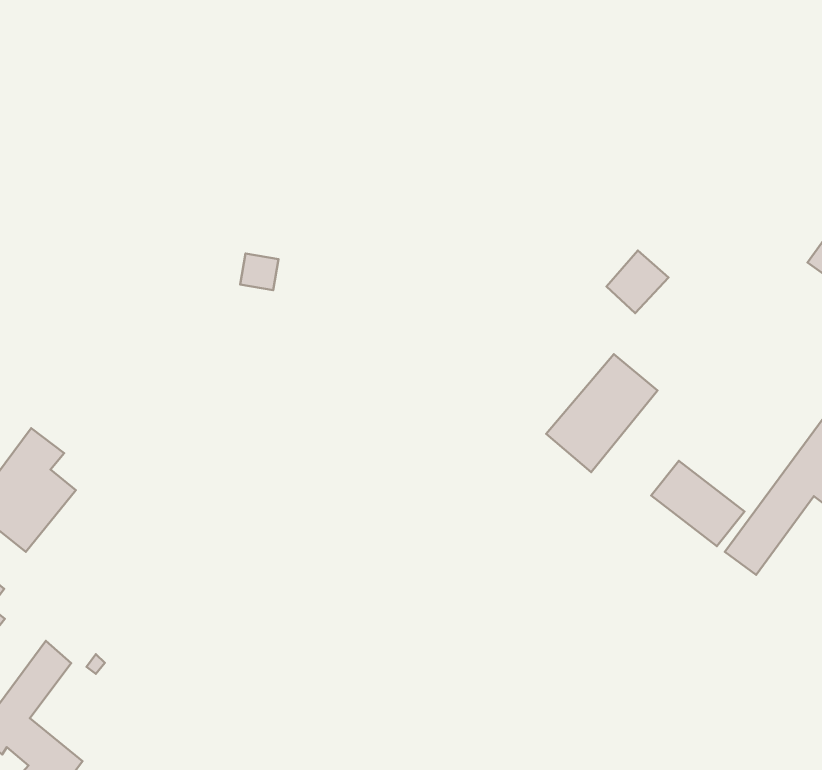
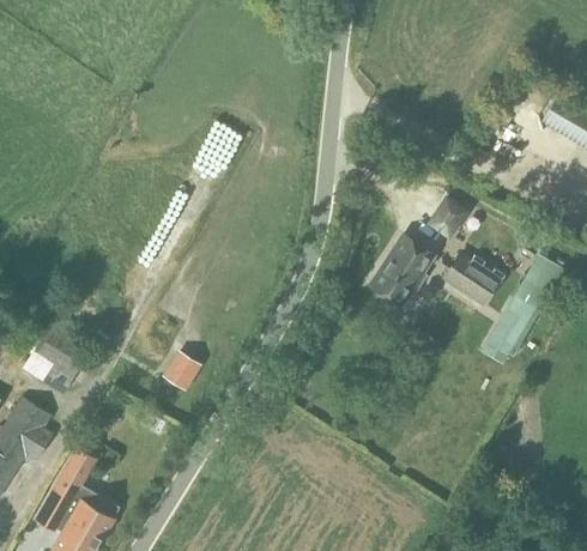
building: [606,250,669,313] -> [429,196,466,235]
building: [651,461,744,546] -> [444,256,502,305]
building: none -> [163,349,202,389]

